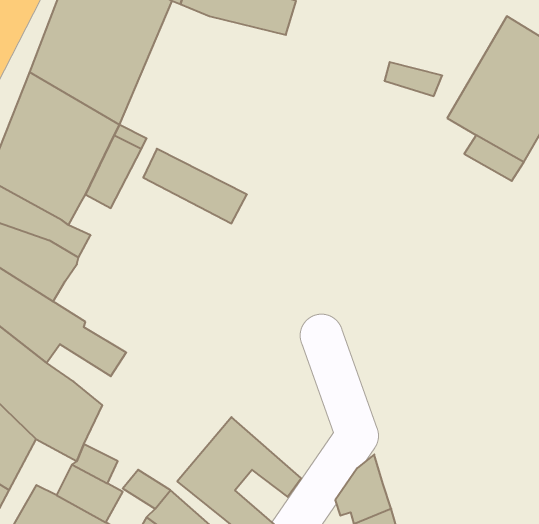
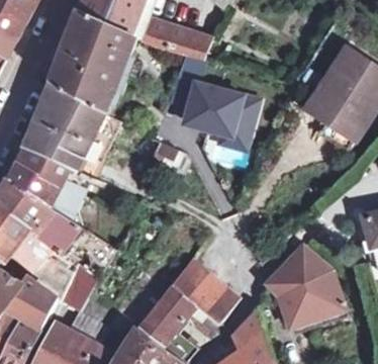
building: none -> [180,78,256,147]
building: none -> [266,249,342,331]
building: none -> [171,259,235,327]

